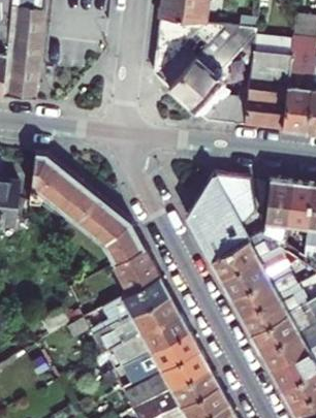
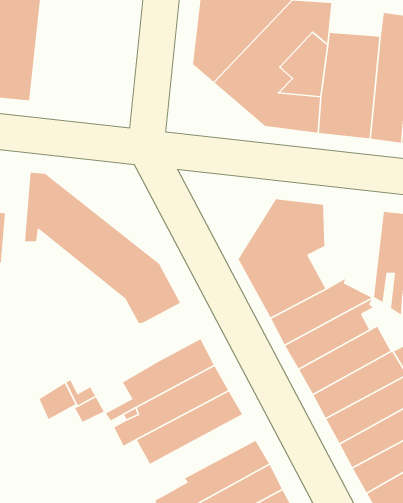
building: [264,180,292,246] -> none
building: [118,250,159,292] -> none
building: [123,331,199,386] -> none

